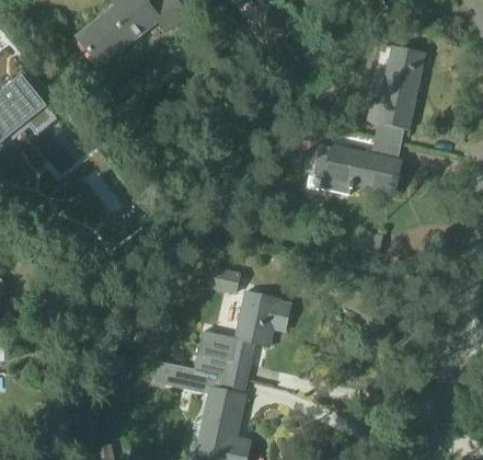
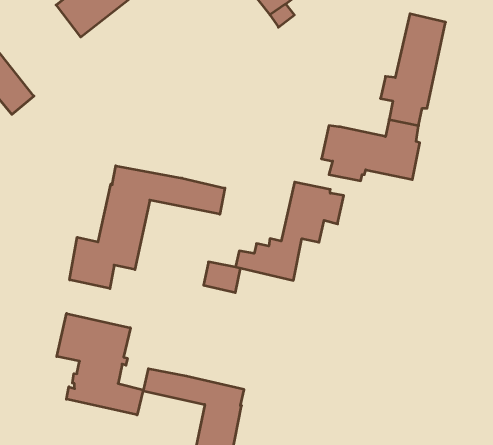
building: none -> [70,166,225,289]
building: [194,292,290,380] -> [236,182,344,280]
building: none -> [57,313,143,415]

